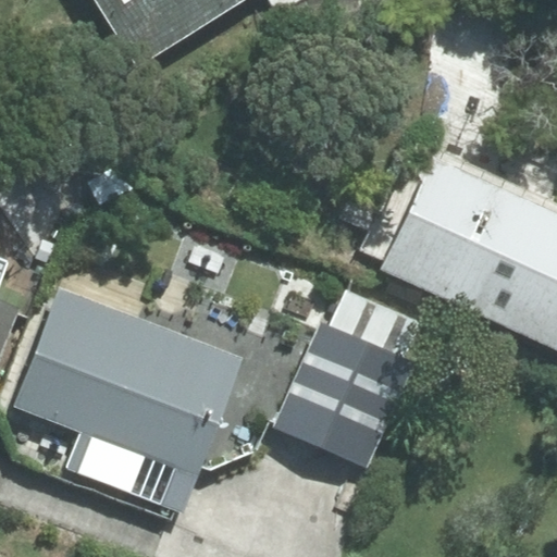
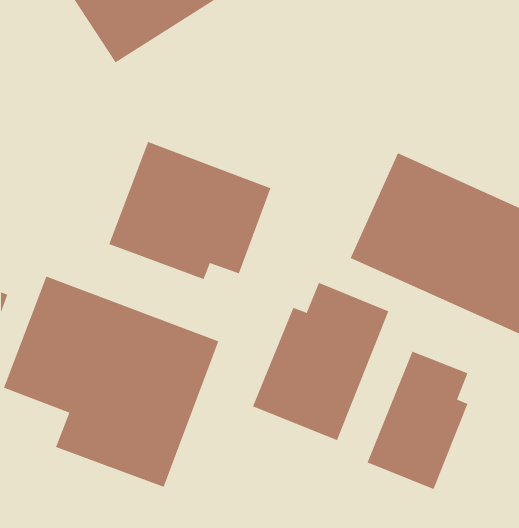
building: none -> [109,141,271,280]
building: none -> [367,351,468,490]

